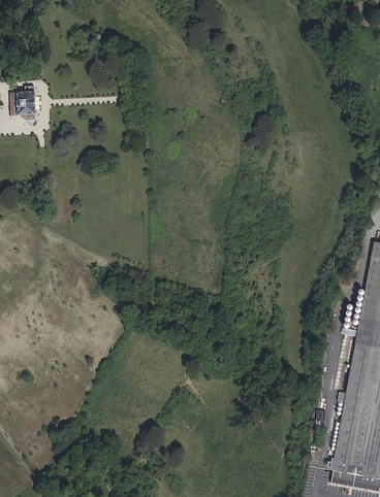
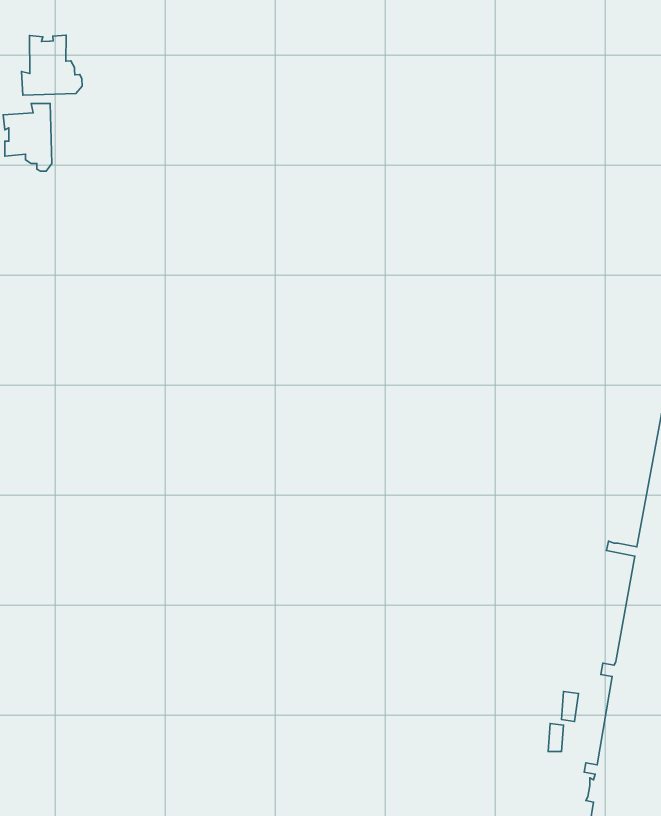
building: none -> [22,35,82,95]

